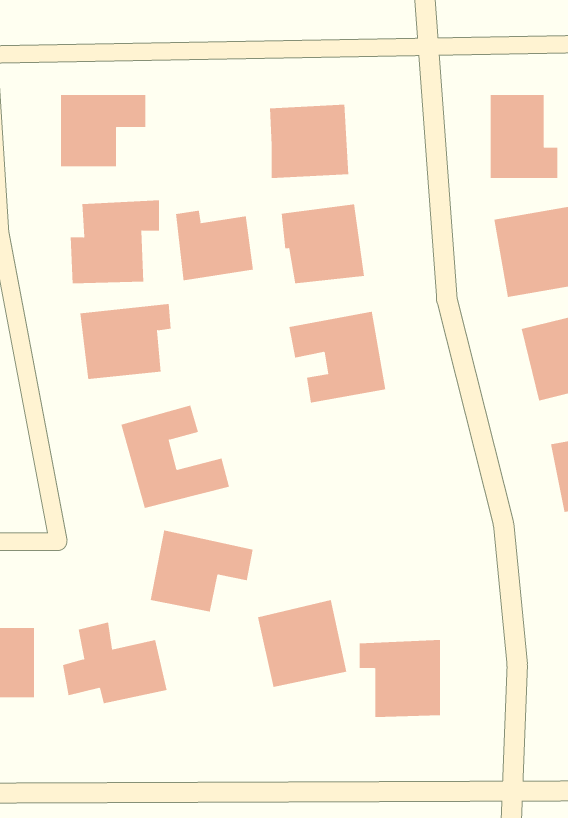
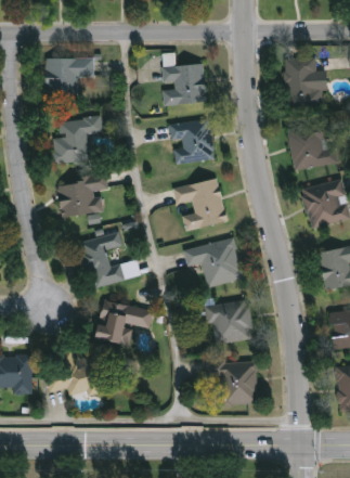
building: [176,210,253,281] -> none
building: none -> [184,238,244,288]
building: [257,600,347,687] -> [206,296,256,345]

